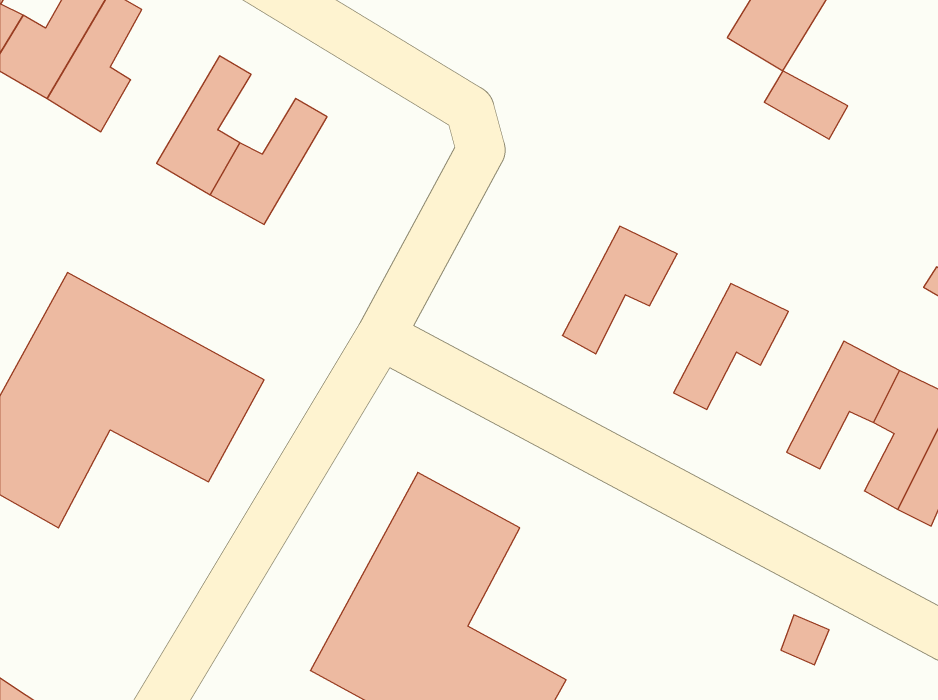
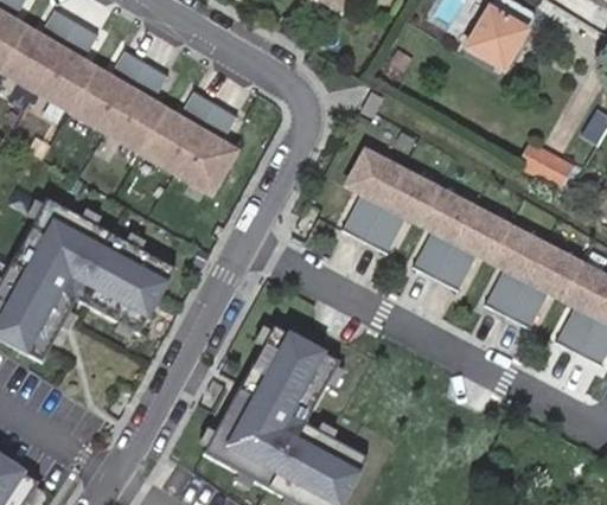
building: none -> [69,47,145,129]
building: [764,71,848,139] -> [522,143,575,187]
building: none -> [173,100,235,188]
building: none -> [343,151,401,239]
building: none -> [414,187,472,276]
building: none -> [486,224,544,314]

